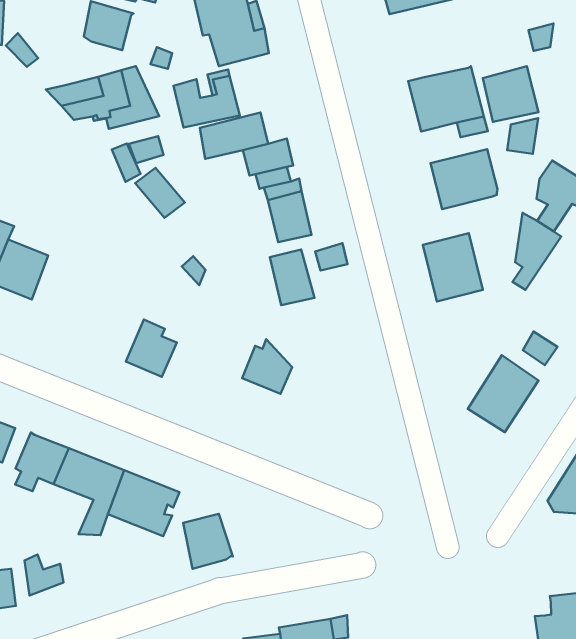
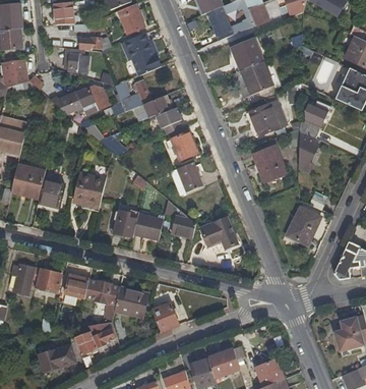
building: [483,66,538,122] -> [232,37,262,67]
building: none -> [73,173,105,205]
building: none -> [132,213,163,239]
building: none -> [199,217,237,248]
building: none -> [89,322,115,360]

